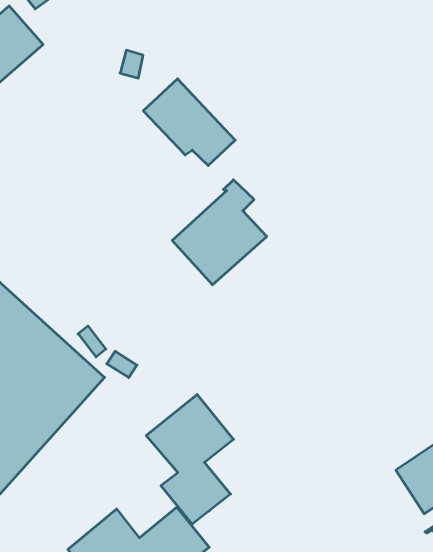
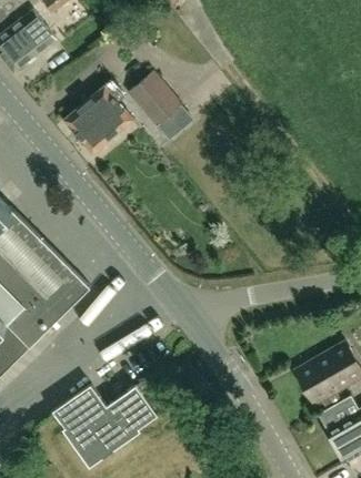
building: [172,180,267,285] -> [64,80,134,156]
building: [146,394,234,524] -> none

